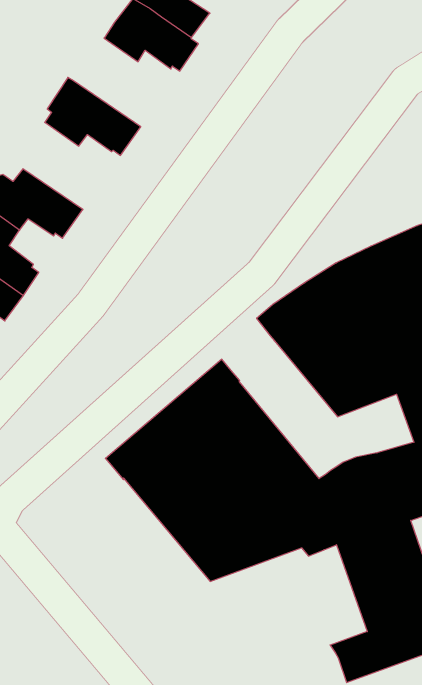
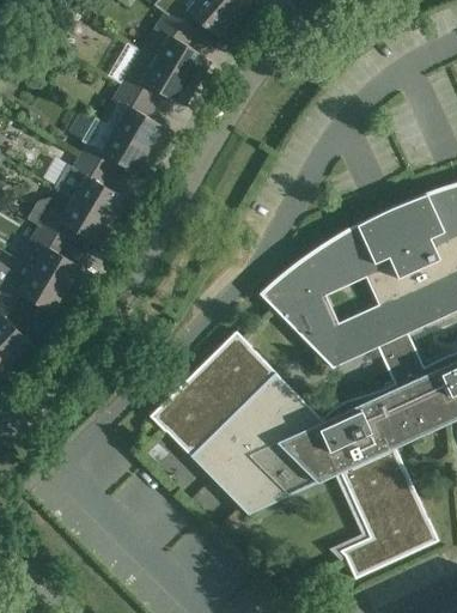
building: none -> [100,83,167,151]
building: none -> [56,153,127,220]

